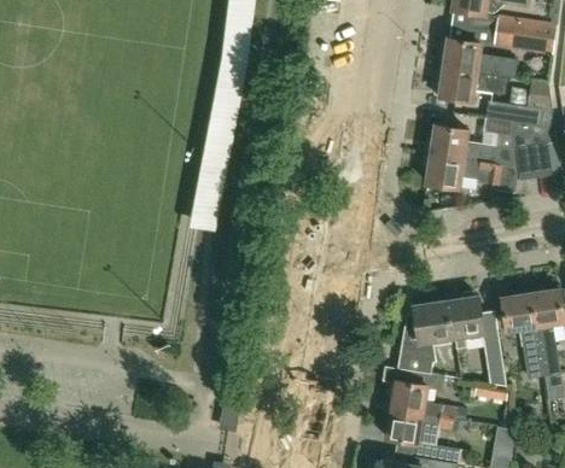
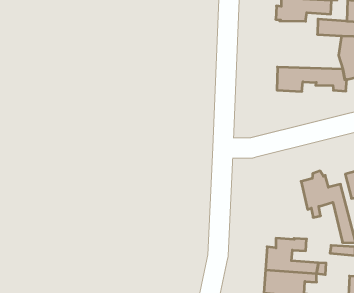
building: [430,118,514,165] -> none
building: [396,302,450,374] -> none

